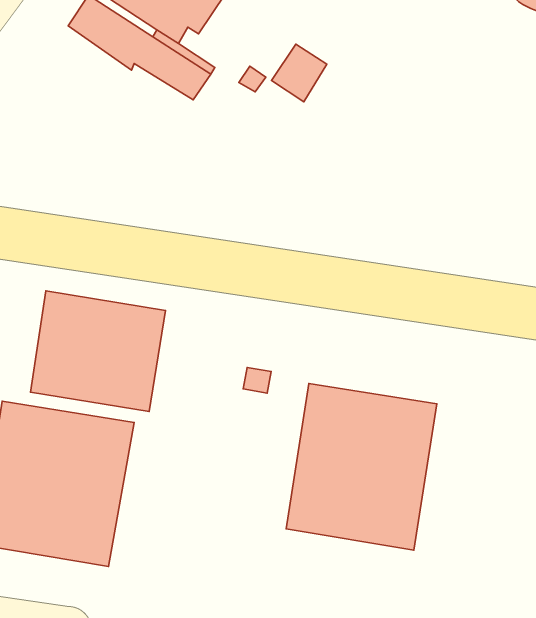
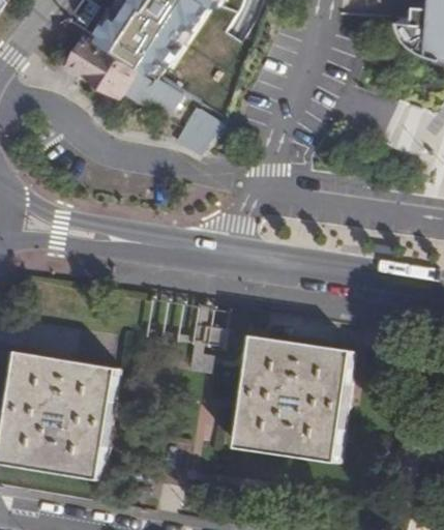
building: [272,44,327,102] -> [176,111,218,155]
building: [31,291,165,411] -> none

